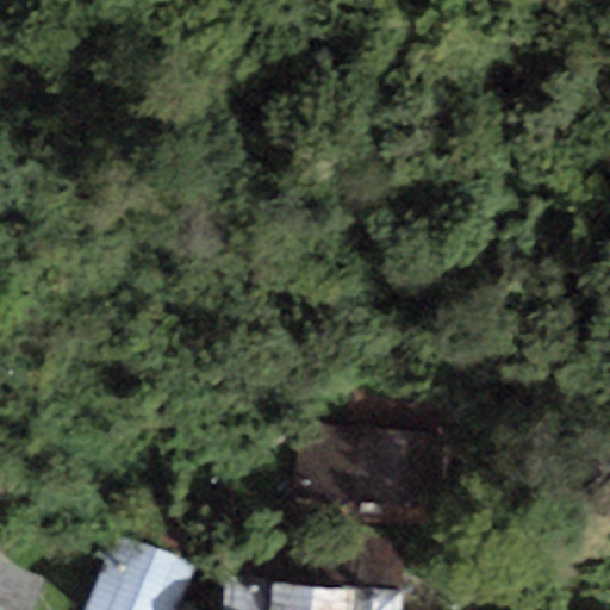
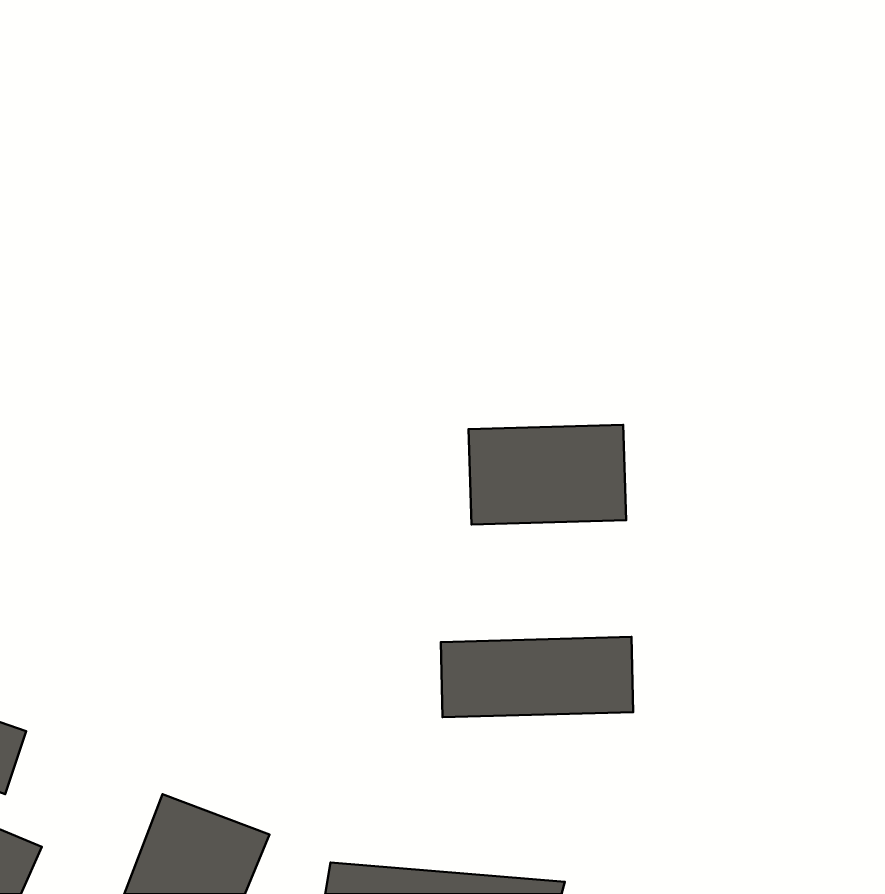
building: none -> [469,425,626,524]

